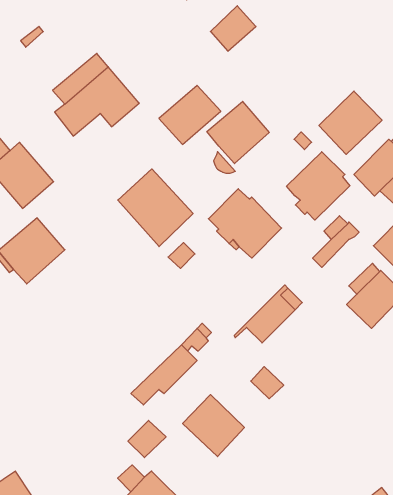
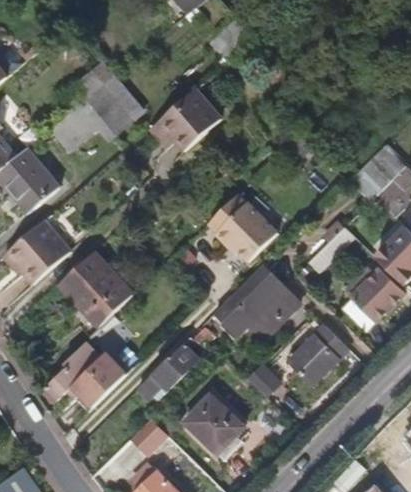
building: [319,91,382,154] -> none
building: [207,101,269,164] -> none
building: [287,152,350,220] -> none
building: [118,169,193,247] -> [60,254,133,329]
building: none -> [213,266,283,336]
building: none -> [290,326,347,382]
building: none -> [45,344,124,409]

